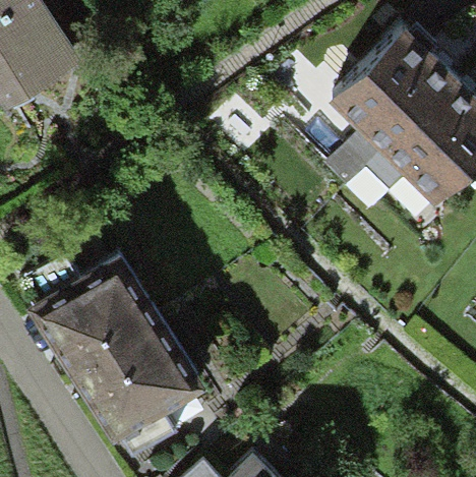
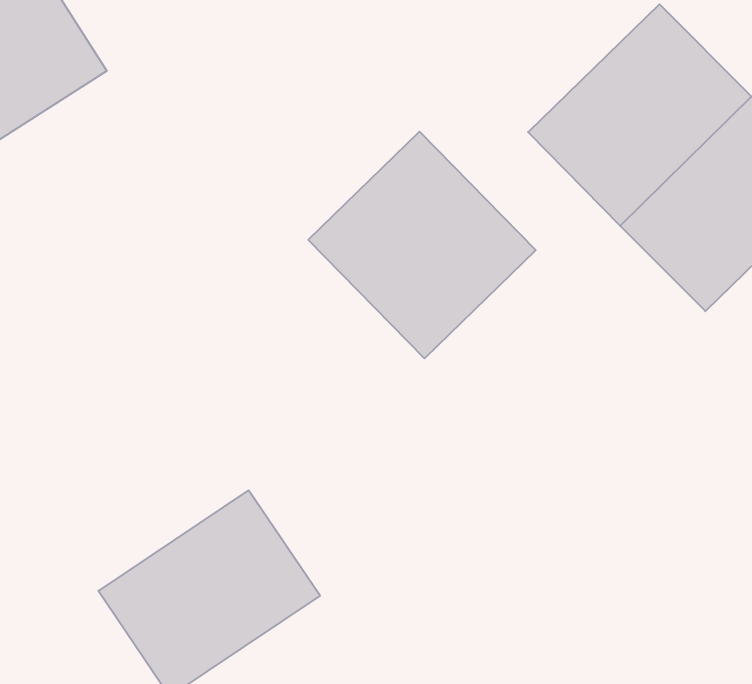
building: none -> [308,132,536,358]
building: [31,259,161,379] -> none

